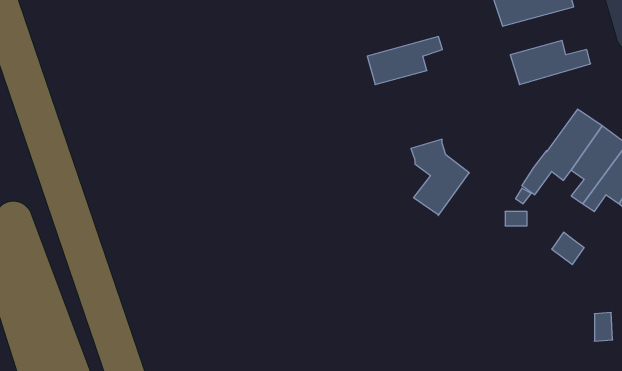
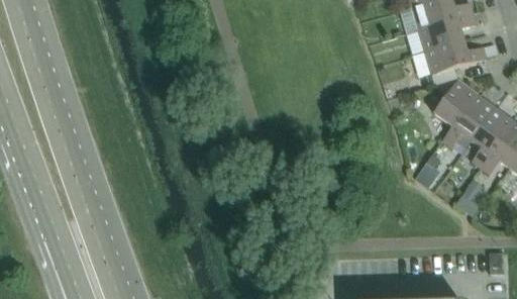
building: [367,37,442,85] -> [417,13,476,51]
building: [411,139,469,216] -> [430,67,476,126]

